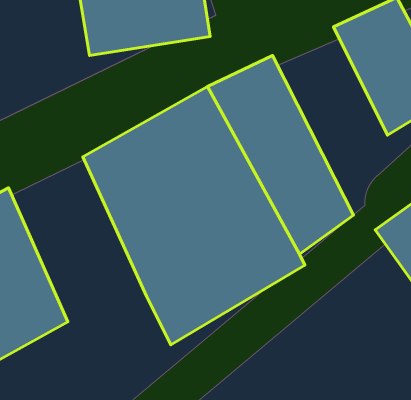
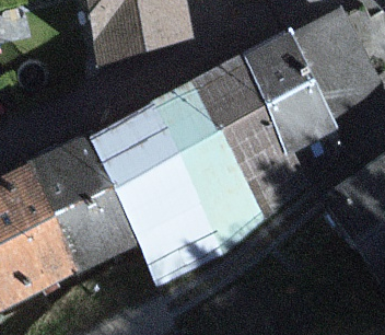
building: none -> [241,31,338,153]
building: none -> [27,136,139,278]

